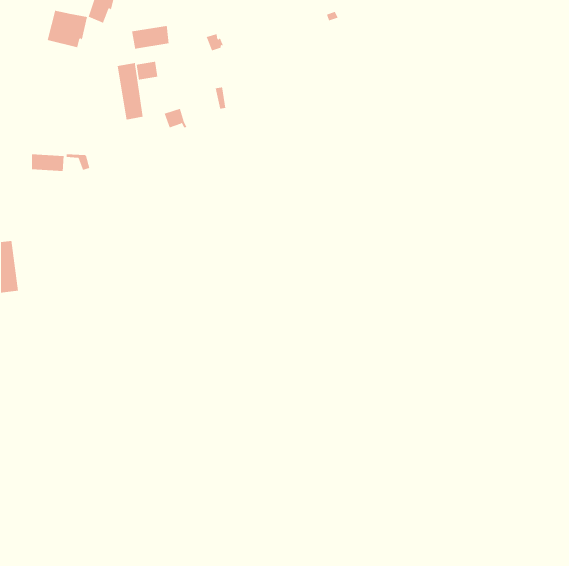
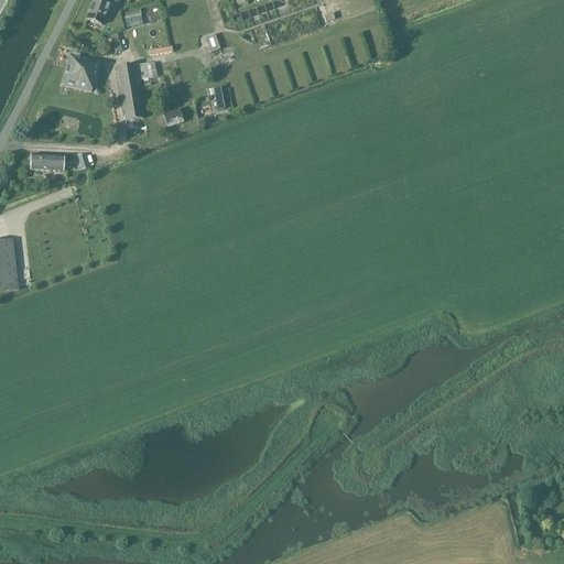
building: [47,10,88,48] -> [61,53,101,90]
building: [132,25,169,50] -> none

